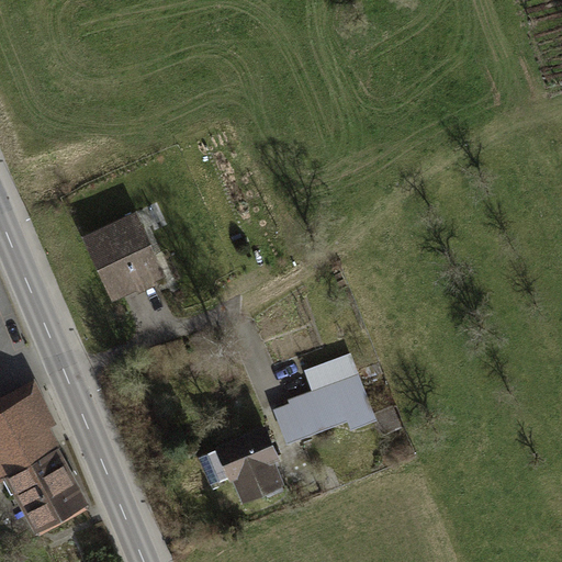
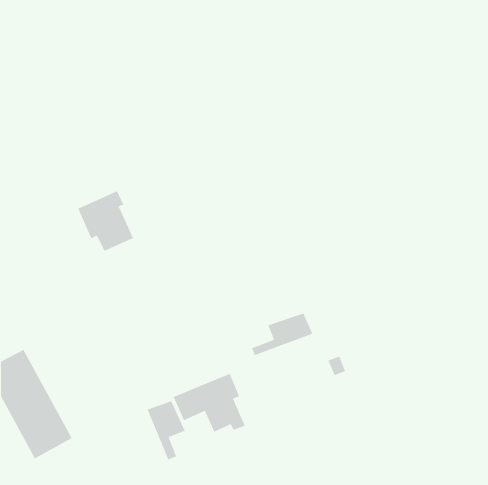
building: [277,387,372,442] -> none
building: none -> [147,400,186,461]

